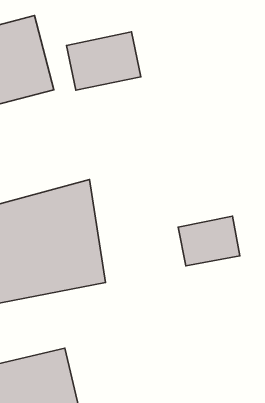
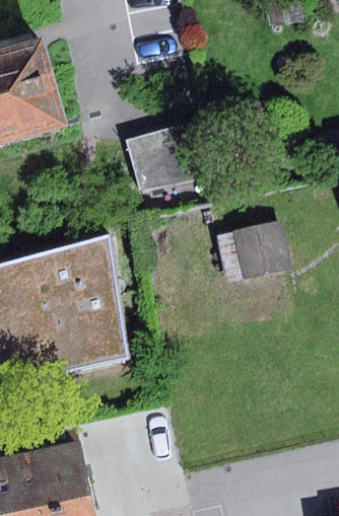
building: [66,32,141,90] -> [125,122,214,192]
building: [178,216,240,266] -> [216,221,290,281]

